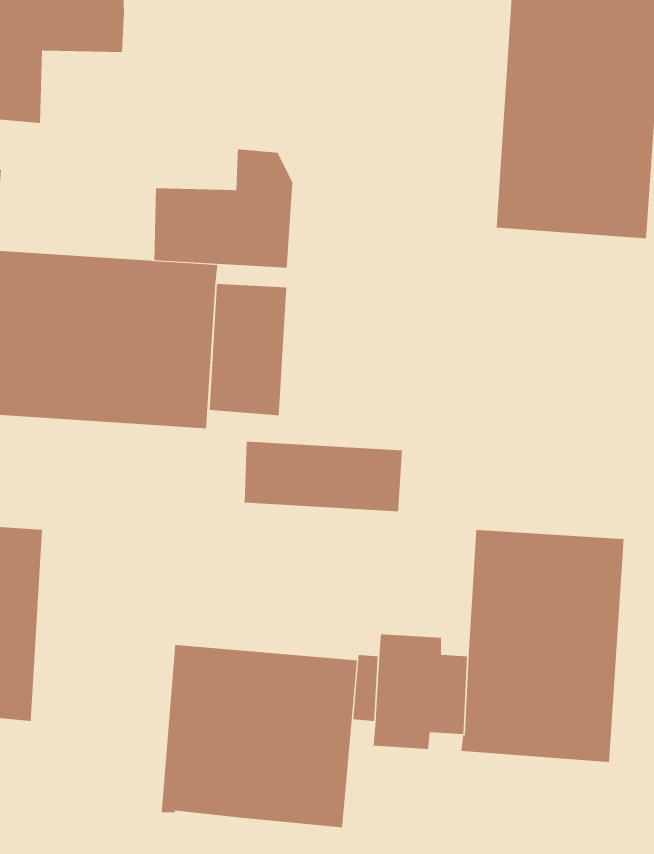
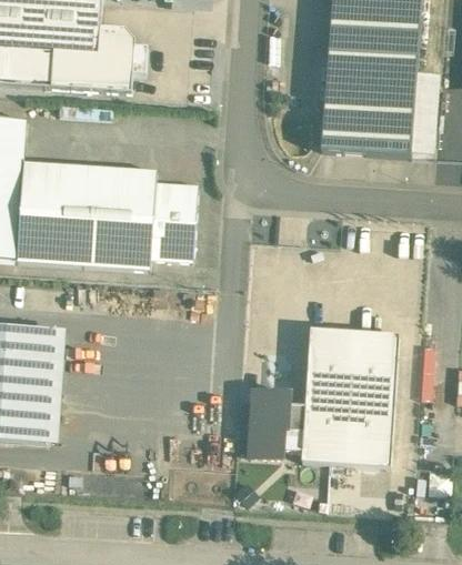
building: [153,149,293,268] -> [51,20,134,91]
building: [244,441,403,512] -> none
building: [161,644,357,828] -> none

